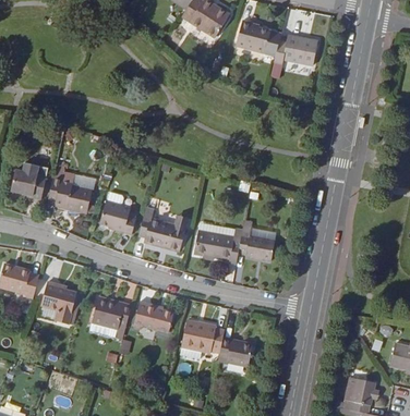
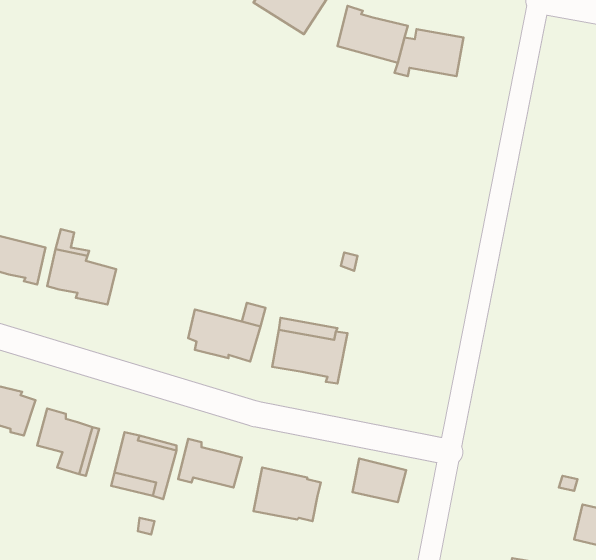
building: [99,200,135,235] -> none
building: [238,220,275,261] -> none
building: [218,338,253,366] -> [353,459,406,502]

